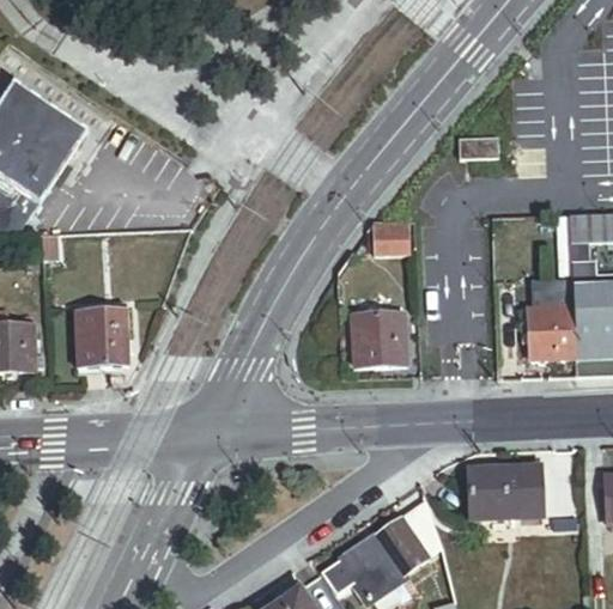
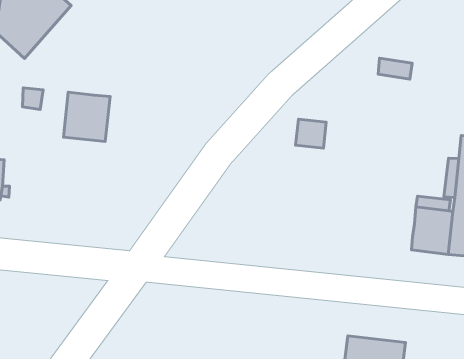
building: [77,307,129,364] -> [63,92,110,141]
building: [352,312,405,364] -> none

